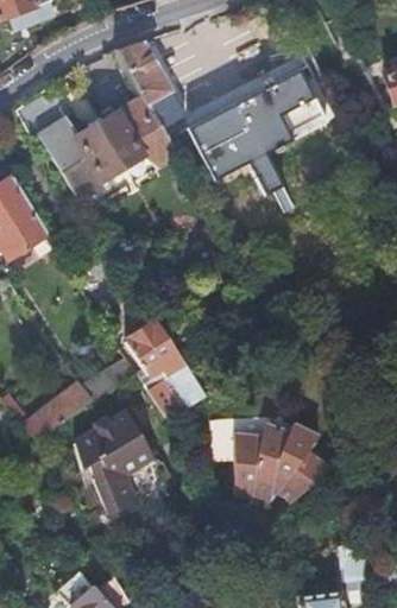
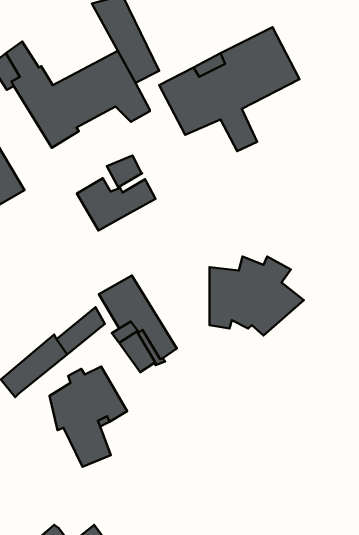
building: none -> [77,156,156,231]
building: [234,419,329,499] -> [209,256,304,336]

